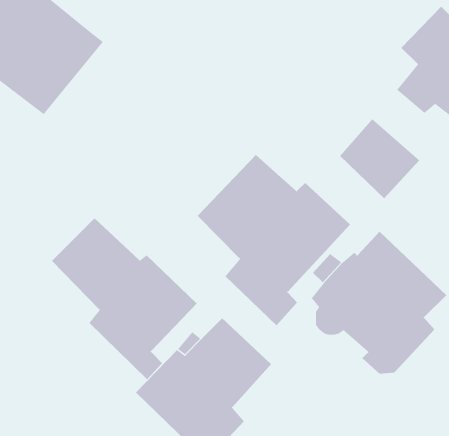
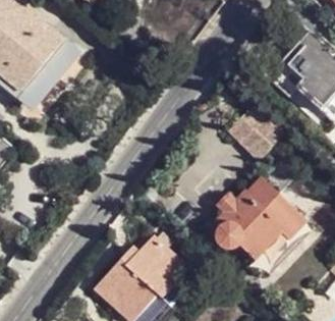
building: [197,154,351,326] -> none
building: [51,217,197,380] -> none

